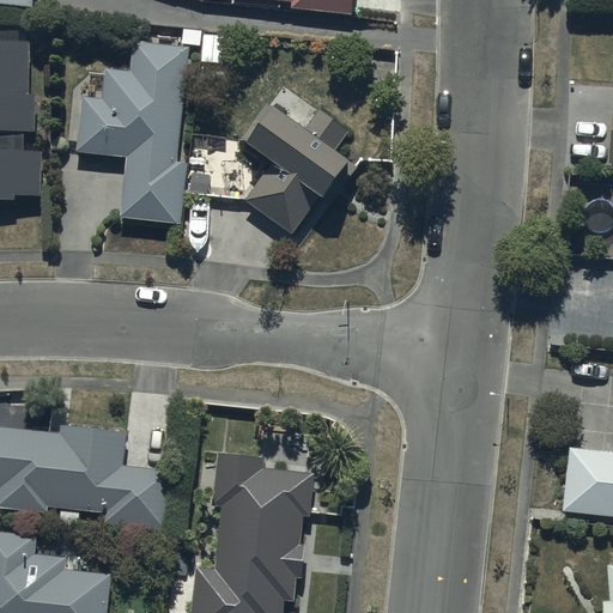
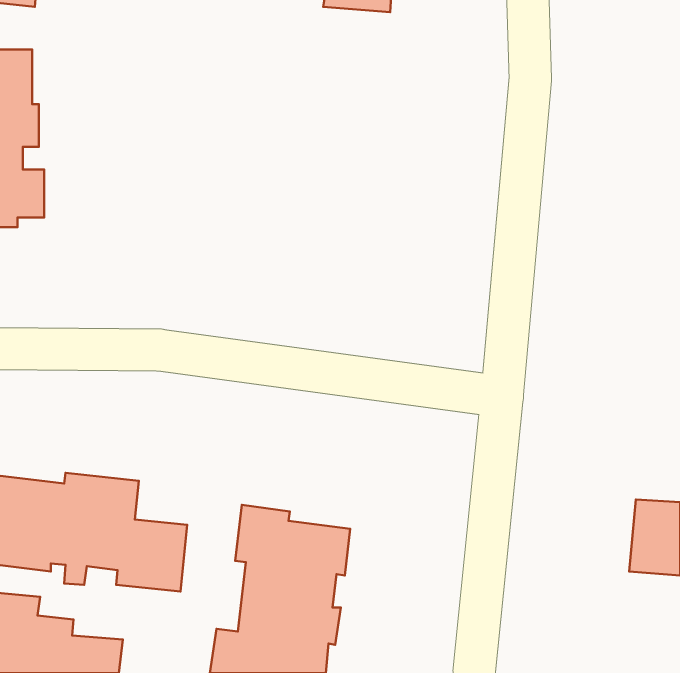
building: [74,41,207,221] -> none
building: [242,108,348,233] -> none

